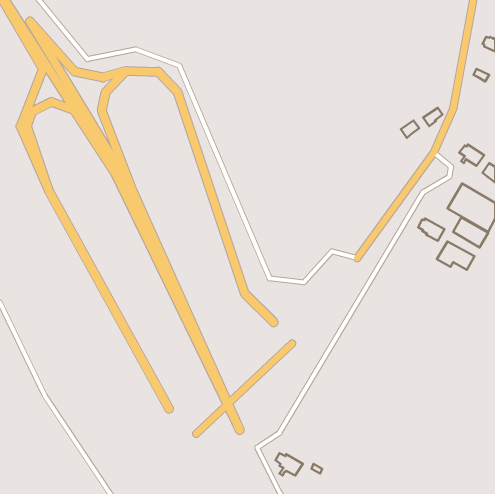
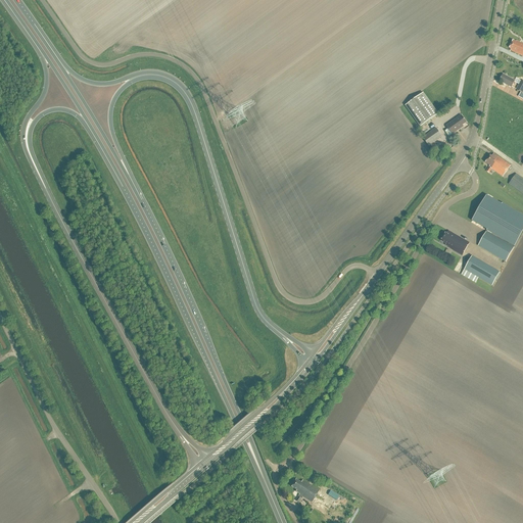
building: none -> [405,91,437,126]

